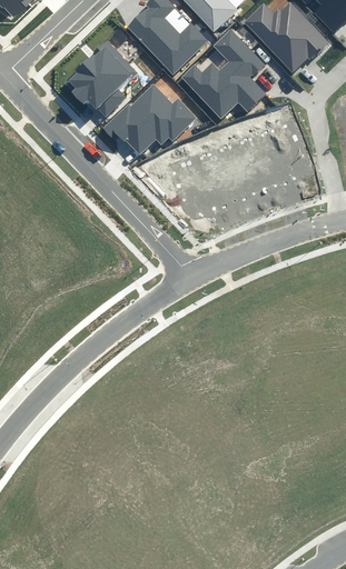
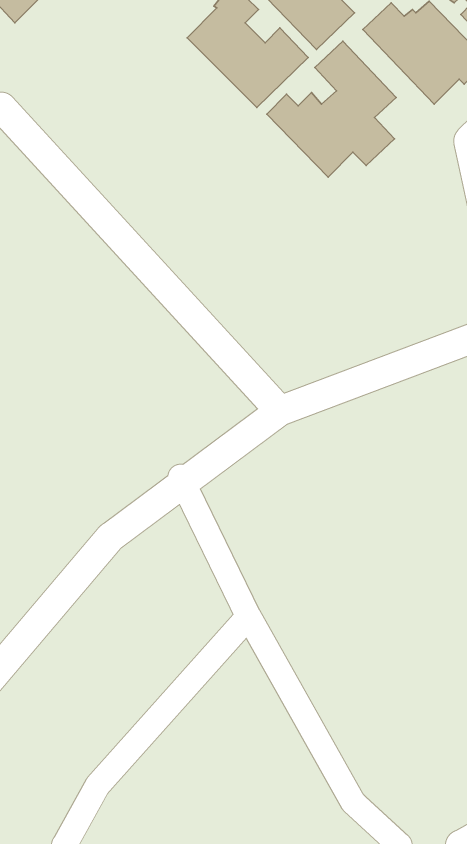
building: [69,42,138,121] -> none
building: [106,82,200,156] -> none

